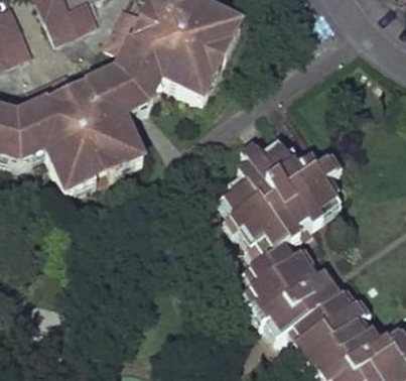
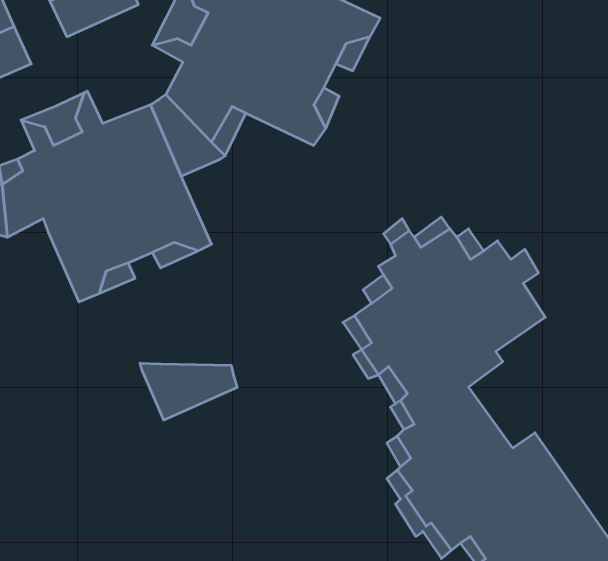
building: none -> [140,363,237,420]

